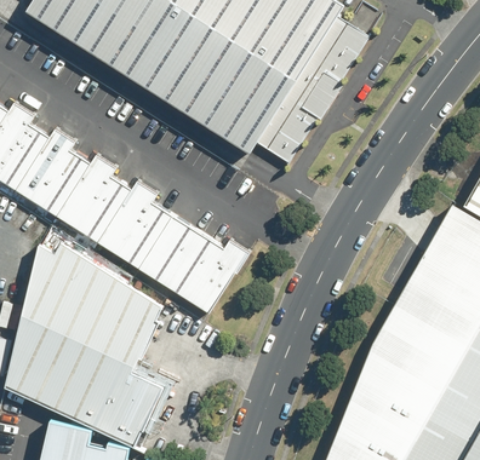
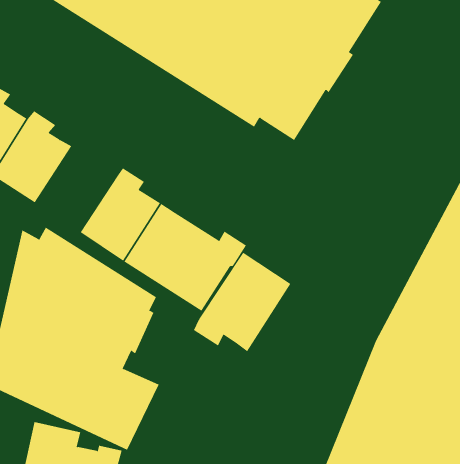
building: [53,159,128,245] -> none
building: none -> [193,252,291,352]

